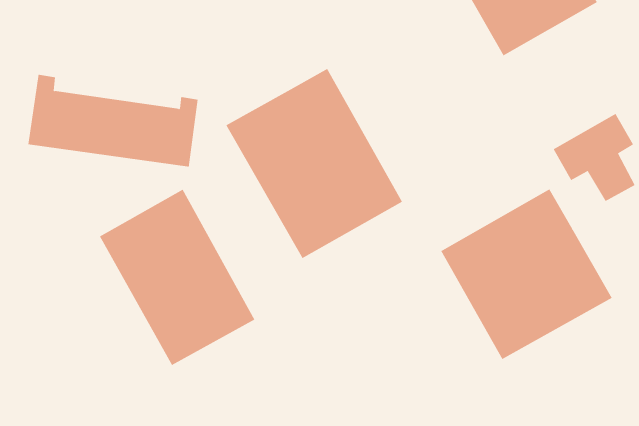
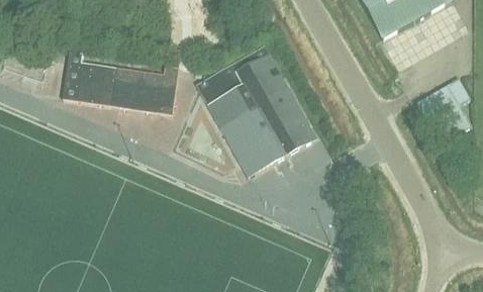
building: [440,189,613,360] -> none
building: [99,189,255,366] -> none

